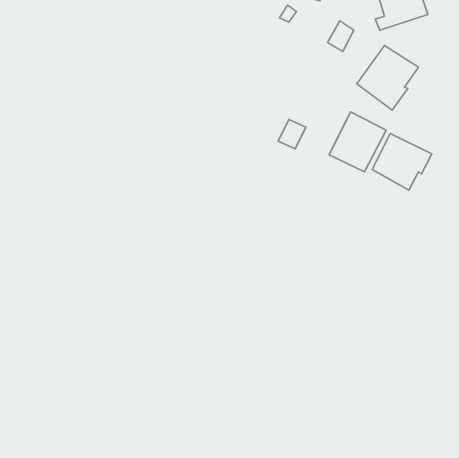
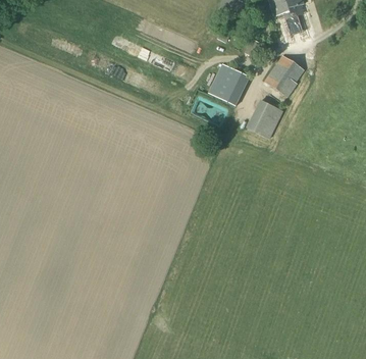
building: none -> [212,65,249,105]
building: [372,134,432,190] -> none

